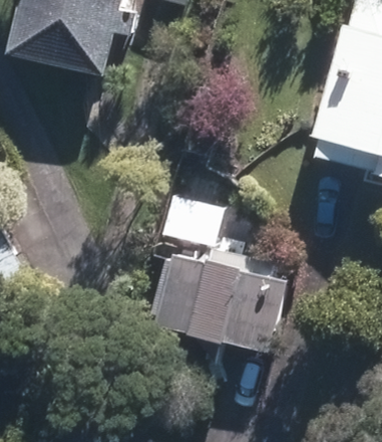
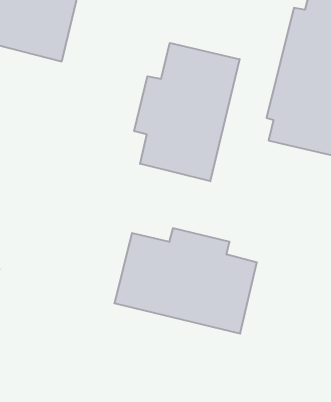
building: none -> [134,43,240,181]

